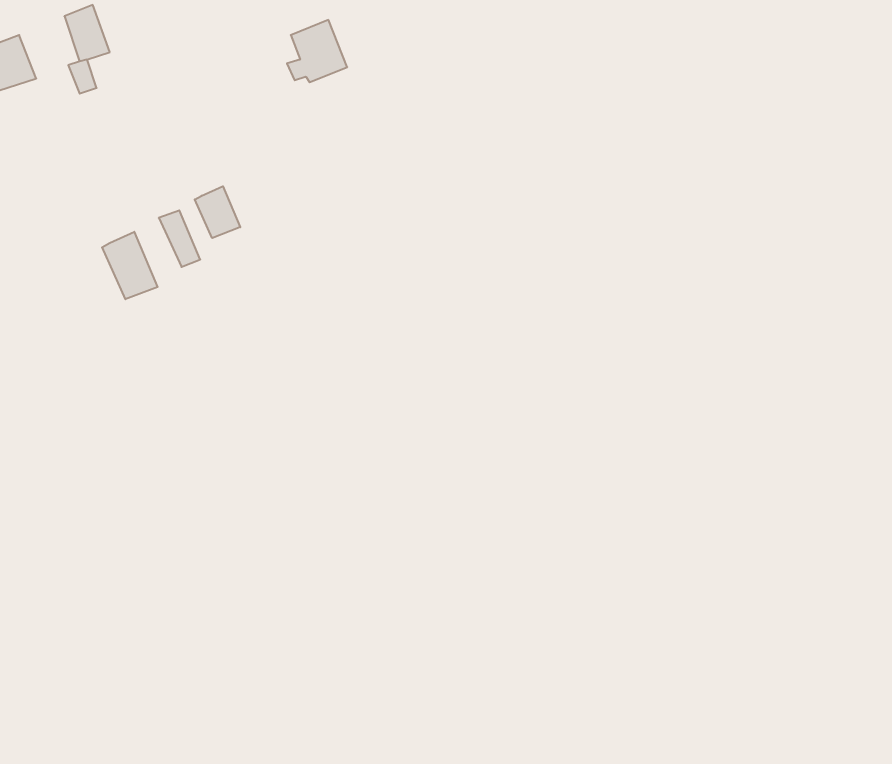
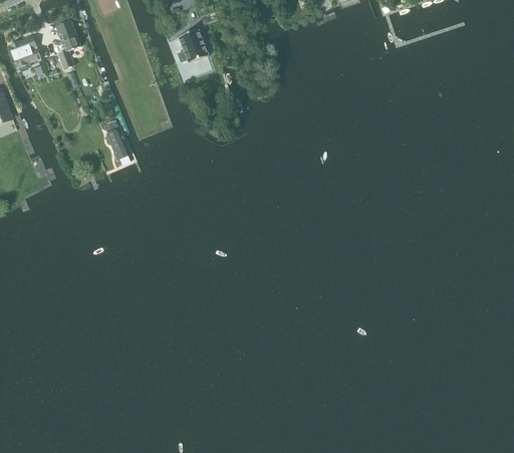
building: [195,186,240,238] -> none
building: [102,232,158,299] -> none

